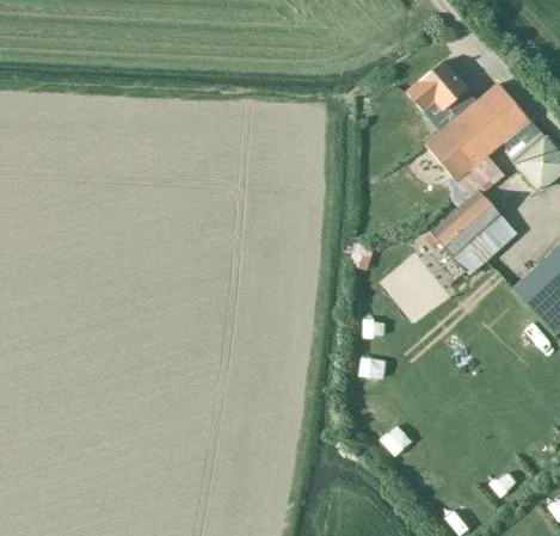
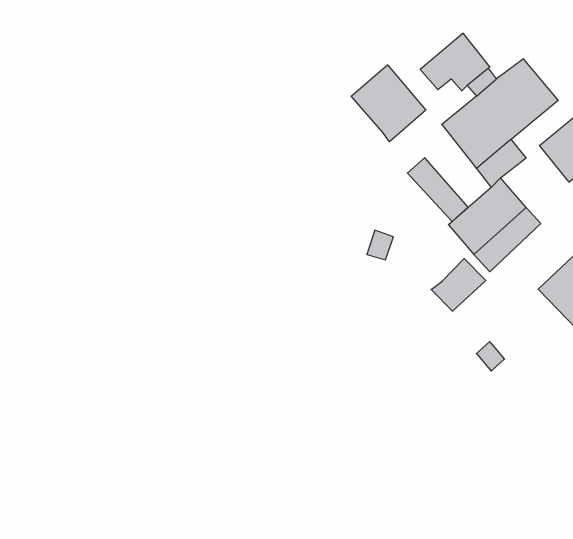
building: none -> [351,65,426,142]
building: none -> [407,158,468,222]
building: none -> [431,259,486,311]

